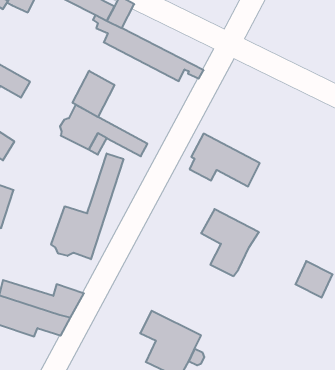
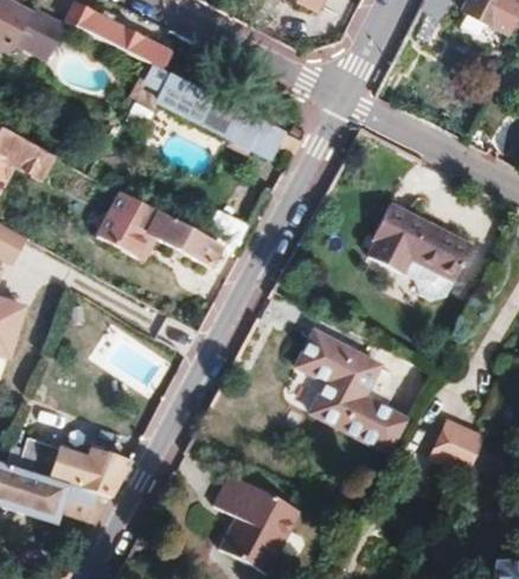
building: [73,71,114,117] -> none
building: [190,134,260,186] -> [366,203,467,279]
building: [51,153,123,259] -> none
building: none -> [350,393,405,445]

